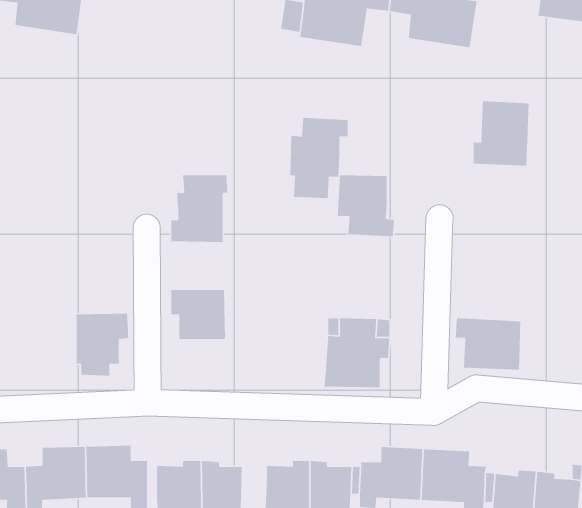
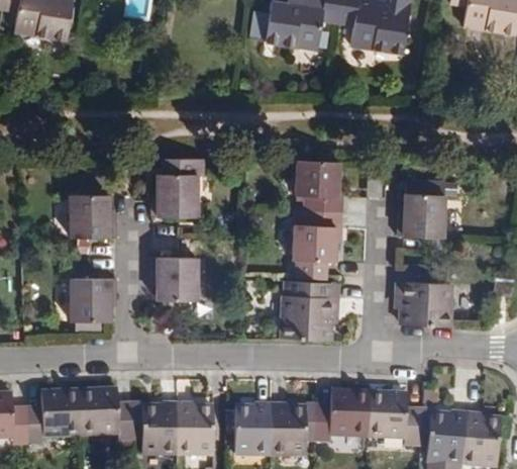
building: [473,100,529,167] -> [398,180,446,237]
building: [289,117,349,199] -> [292,209,342,279]
building: none -> [71,193,116,239]

